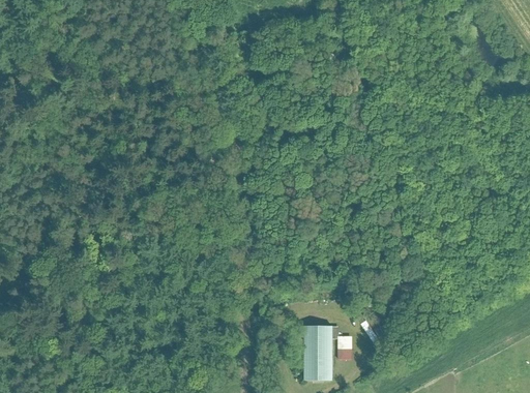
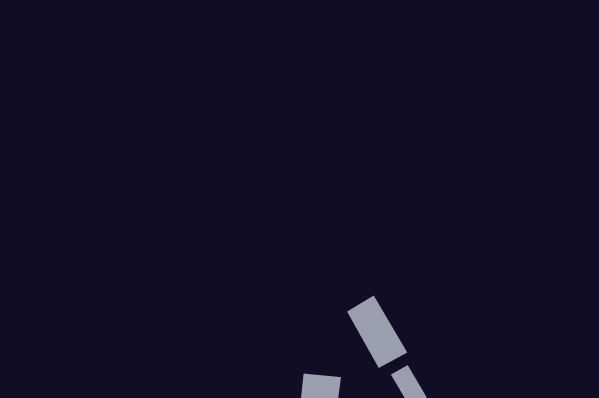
building: none -> [346,295,408,369]

